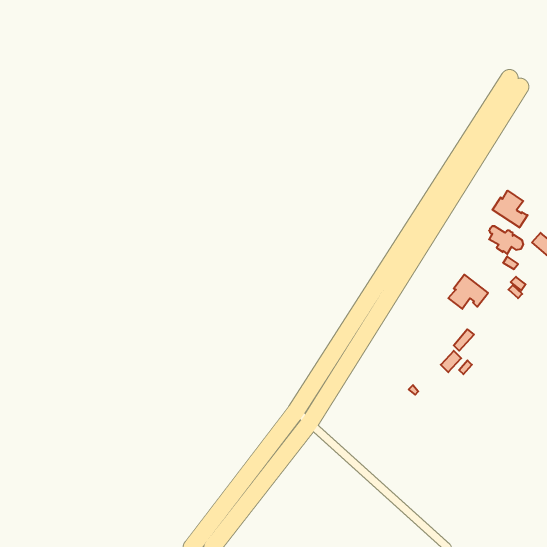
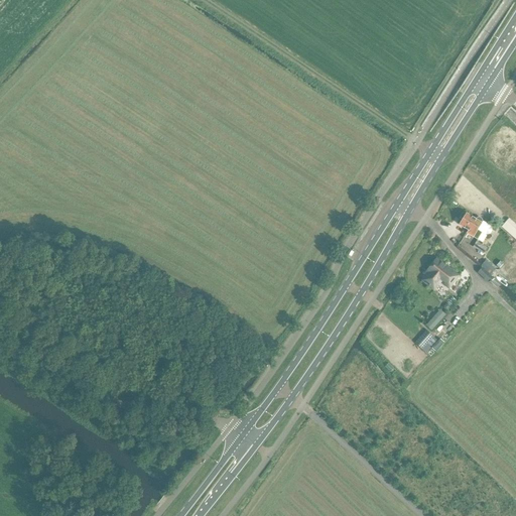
building: [492,191,528,228] -> none

